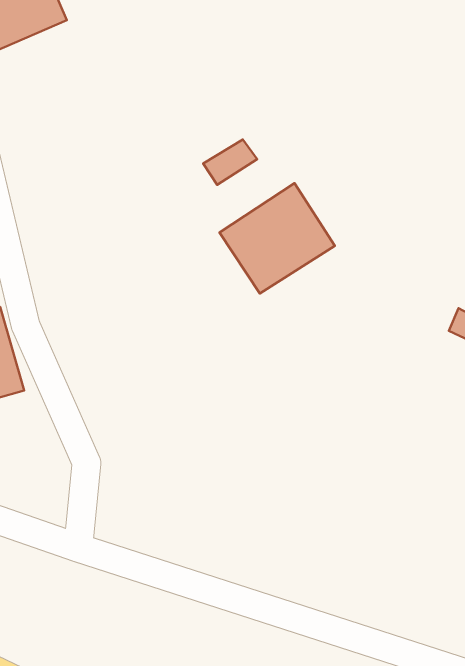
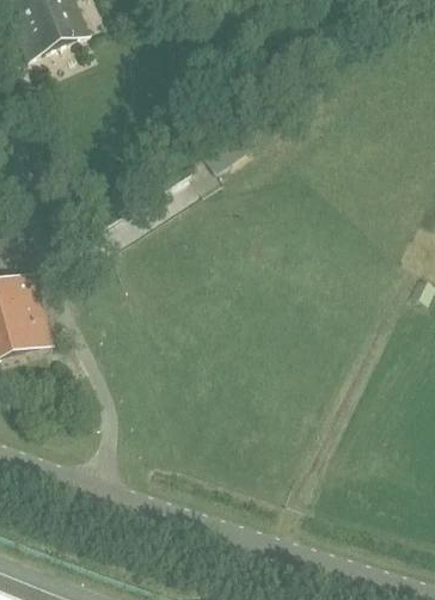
building: [220,183,335,293] -> none

